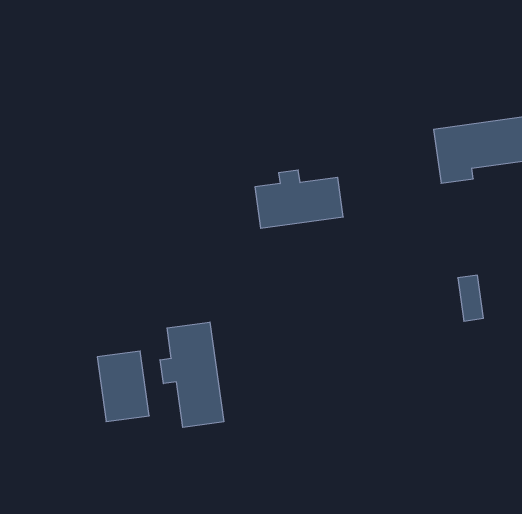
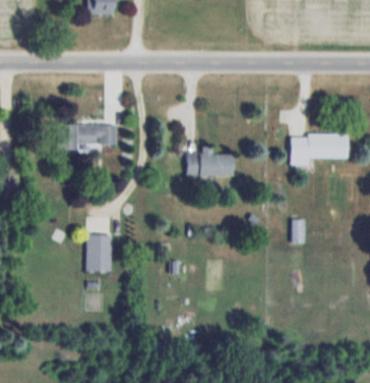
building: none -> [55,124,117,148]
building: [160,322,224,427] -> none

